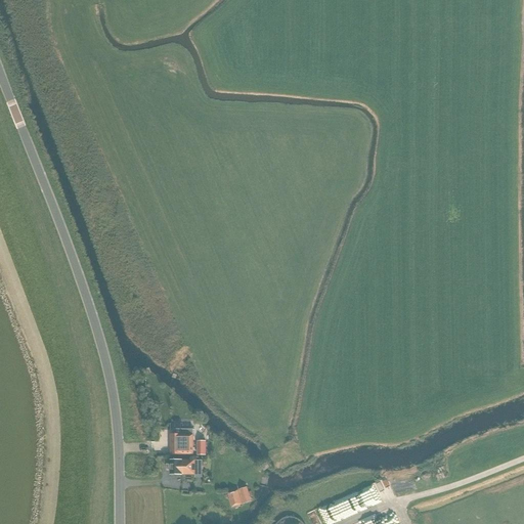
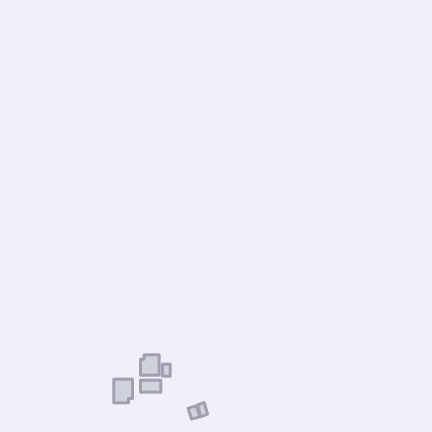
building: none -> [114,379,133,403]

